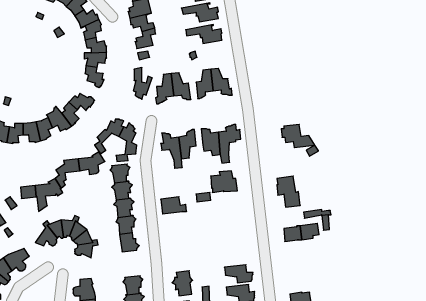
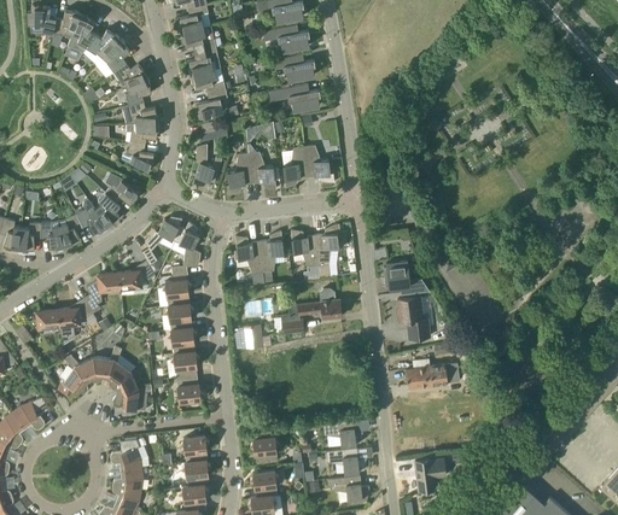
building: [281,124,315,148] -> [383,262,430,294]

